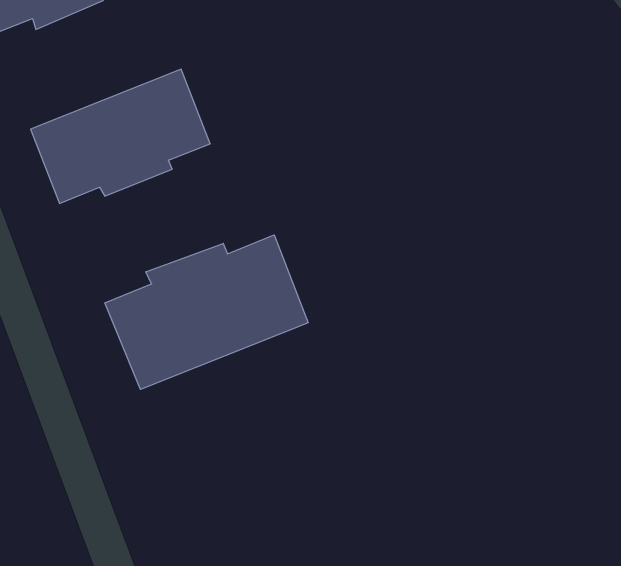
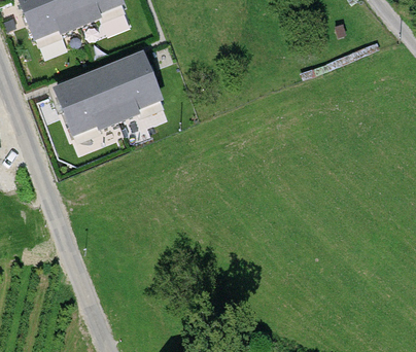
building: [105,235,308,389] -> none

